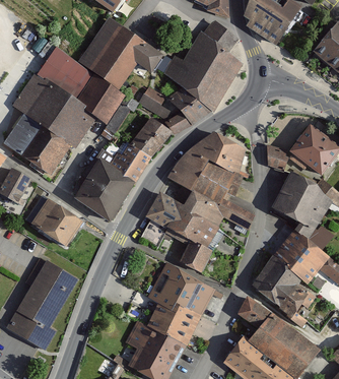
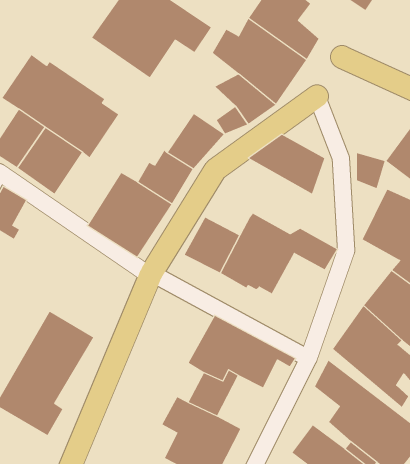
building: [36,47,125,124] -> none
building: [137,85,171,120] -> none
building: [166,148,245,203] -> none
building: [25,193,83,245] -> none
building: [179,241,213,273] -> none
building: [167,306,201,344] -> none

